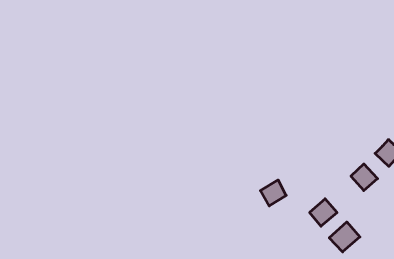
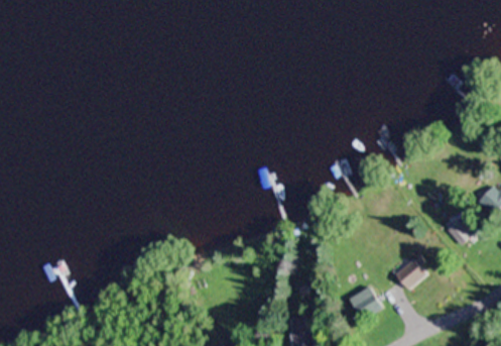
building: [260,180,286,206] -> [351,287,383,320]
building: [329,222,360,252] -> none

